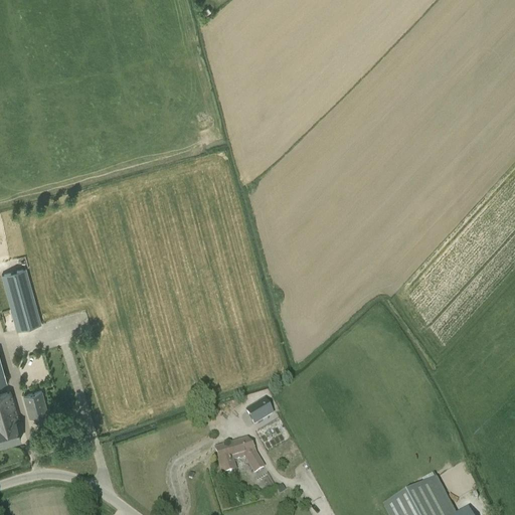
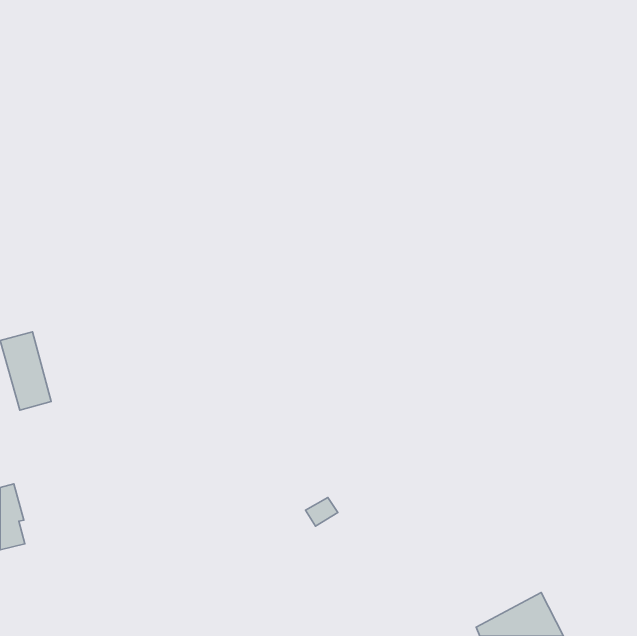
building: [22,390,47,417] -> none
building: [215,440,263,474] -> none

